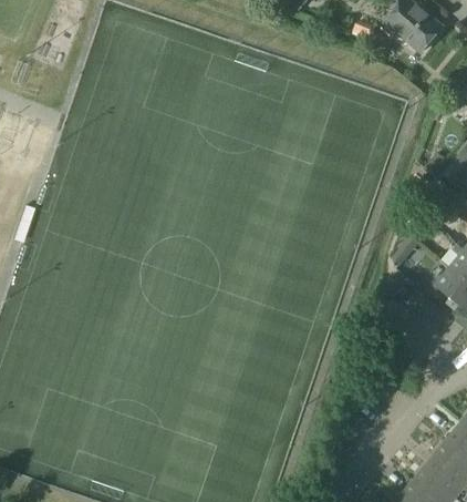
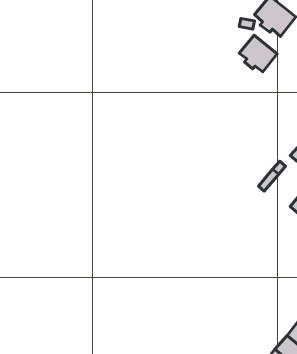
building: none -> [239,35,277,72]

